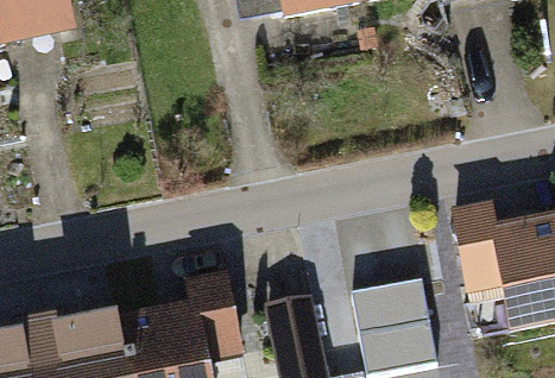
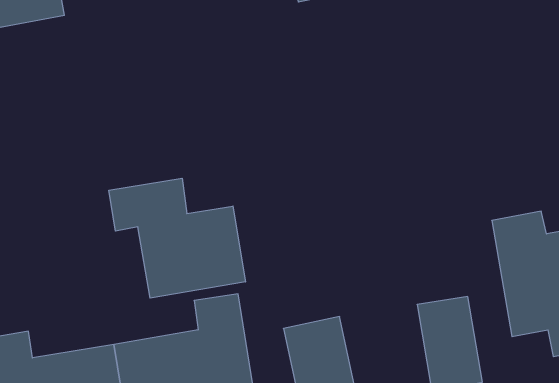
building: none -> [109,178,245,298]

